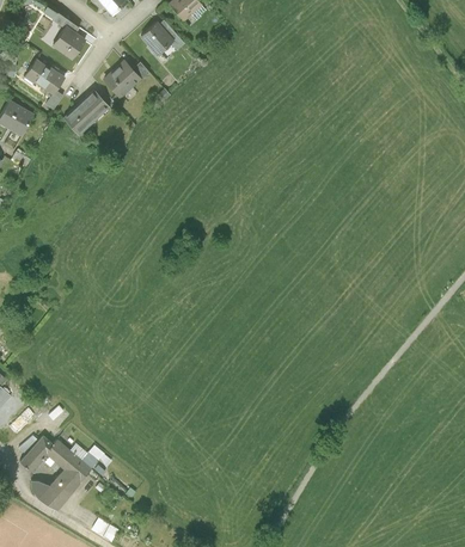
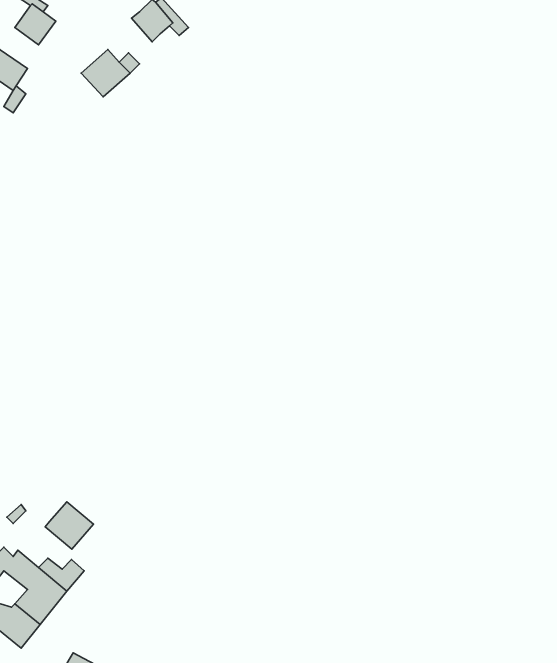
building: [62,90,106,133] -> none
building: none -> [45,502,93,549]

